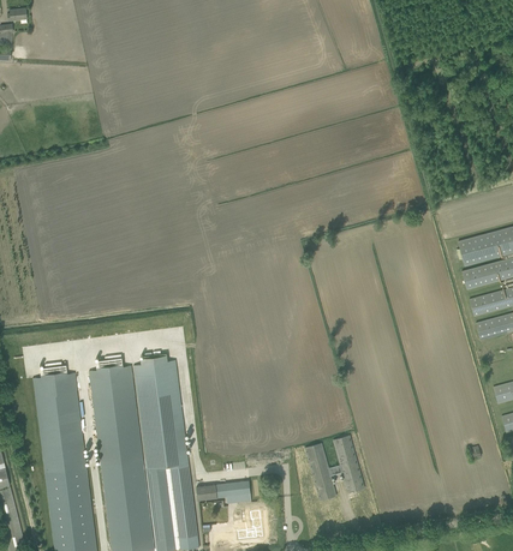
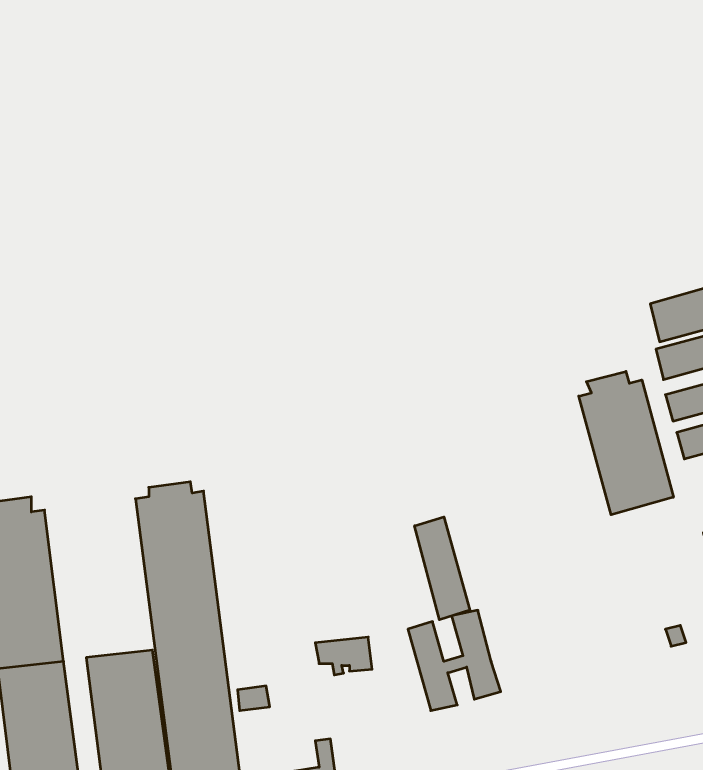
building: none -> [579,371,673,515]
building: [89,357,143,466] -> none
building: none -> [415,517,470,620]
building: [215,480,251,504] -> [315,637,372,675]

